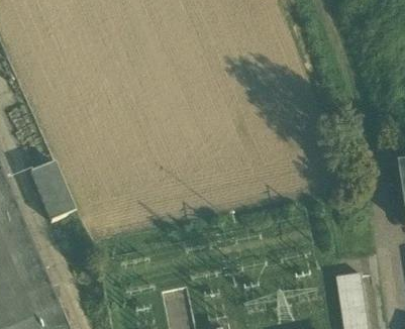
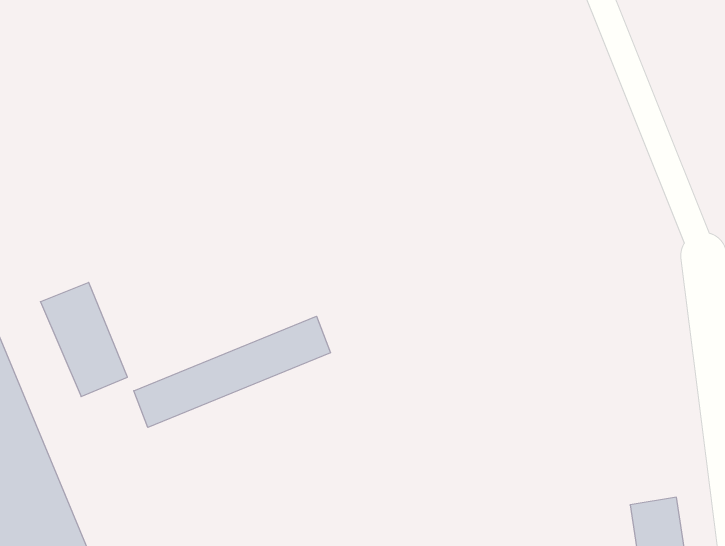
building: none -> [134,316,331,427]

